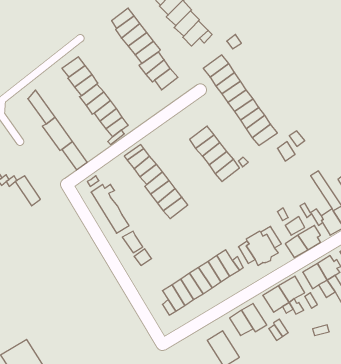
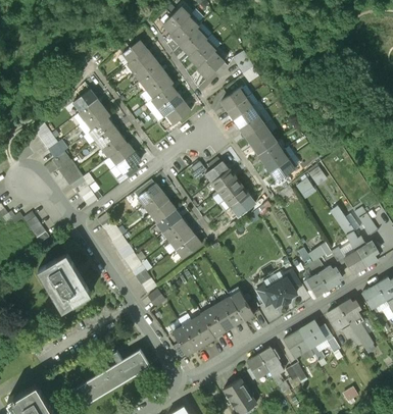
building: none -> [37,251,91,309]
building: none -> [73,347,146,404]

